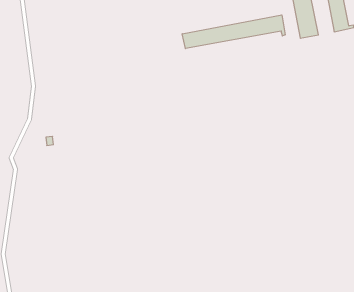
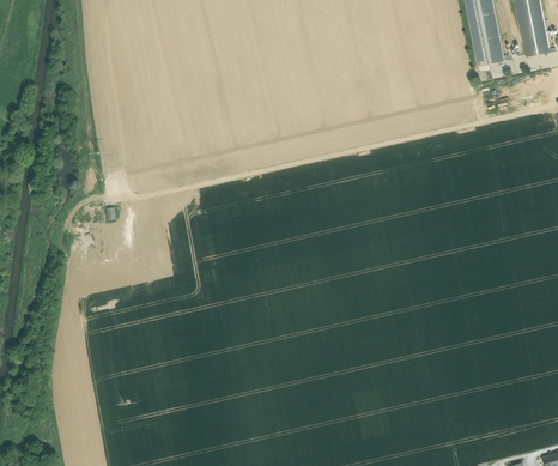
building: [182,15,285,49] -> none

